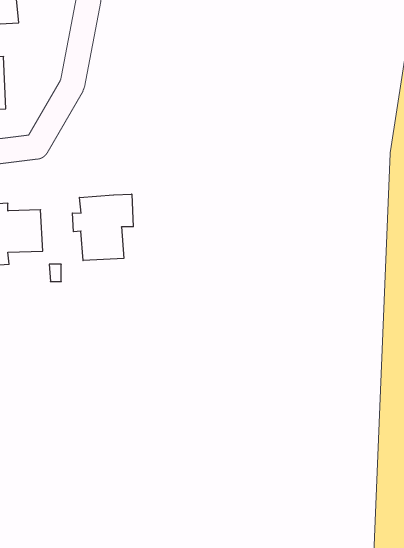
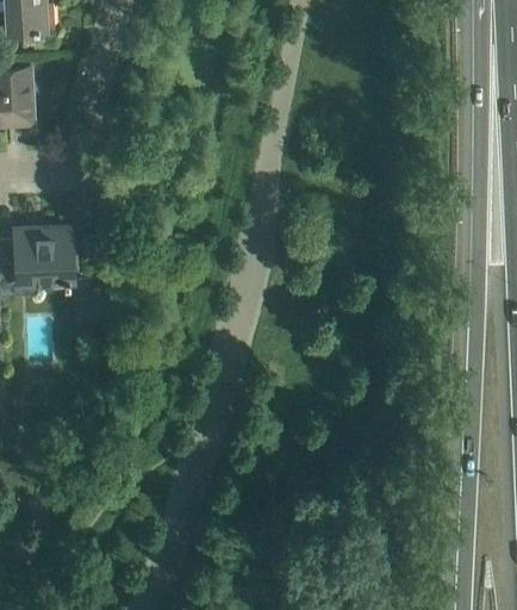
building: [73,194,133,261] -> none

